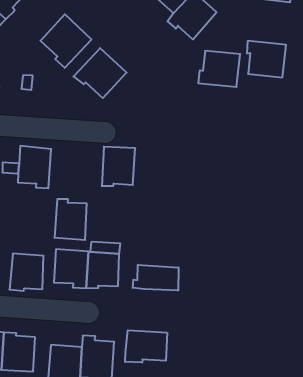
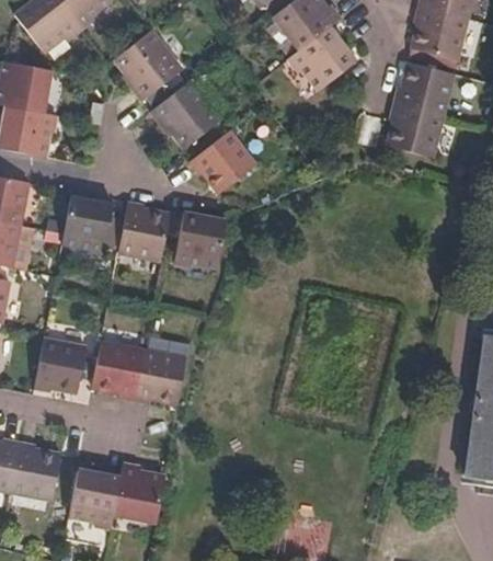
building: [198,51,240,87] -> [394,58,456,112]
building: none -> [198,130,263,192]
building: [54,199,87,240] -> [119,203,169,262]
building: [133,265,178,291] -> none
building: [125,330,167,363] -> none

